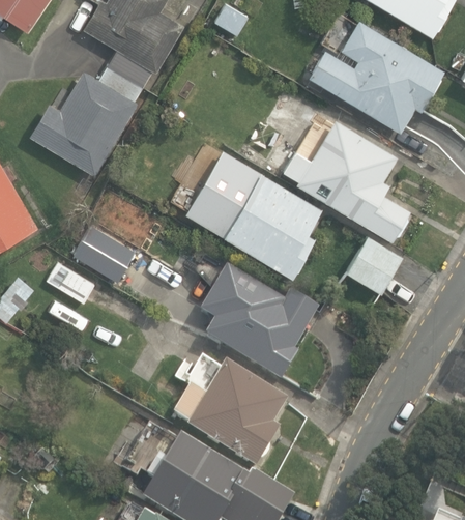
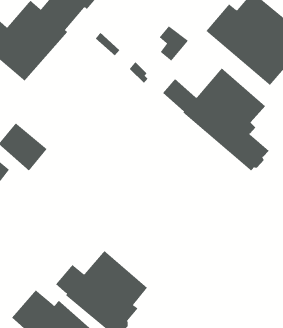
building: [187,151,316,270] -> none
building: [347,238,404,294] -> none
building: [203,273,310,383] -> none

